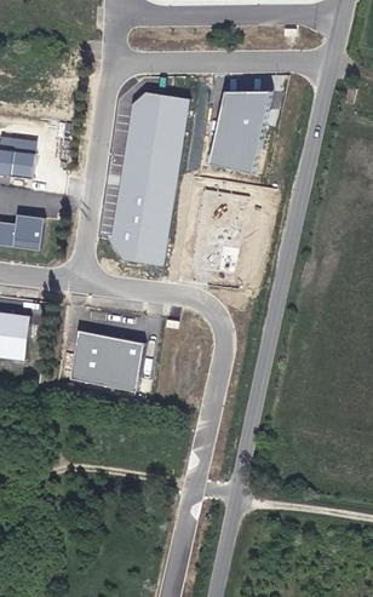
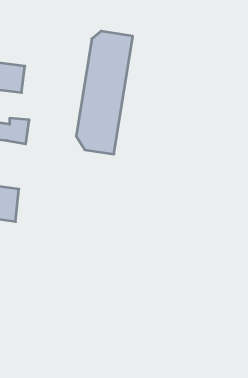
building: [207,92,271,174] -> none
building: [70,332,143,392] -> none

